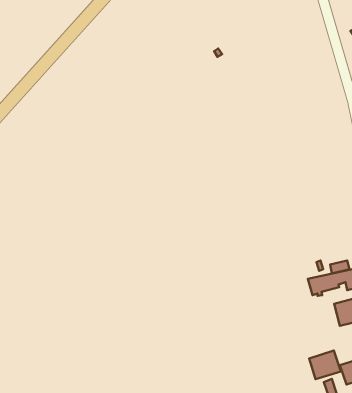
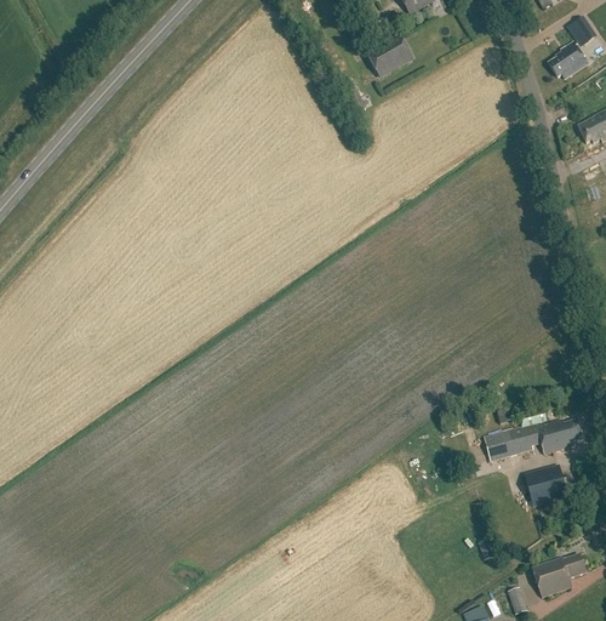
building: none -> [368,38,412,76]
building: [309,350,341,379] -> none

